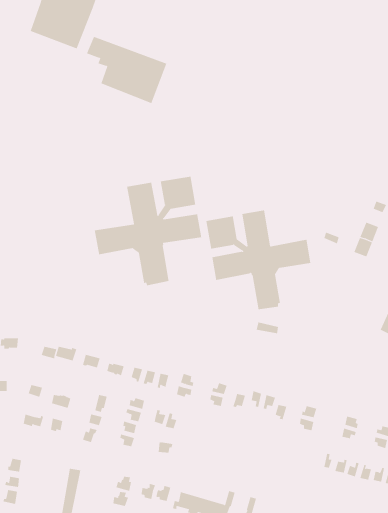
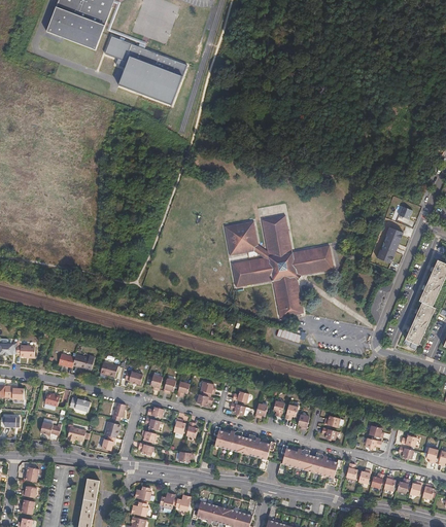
building: [94,176,202,286] -> none
building: none -> [212,427,274,471]
building: none -> [277,445,342,486]

